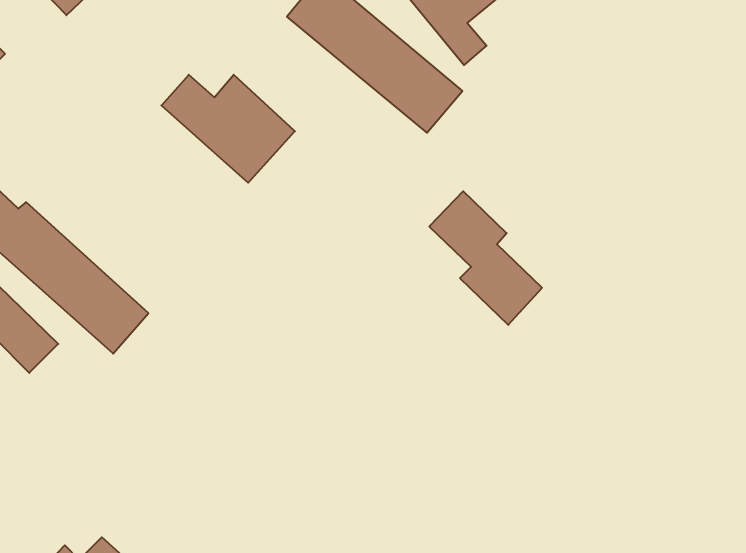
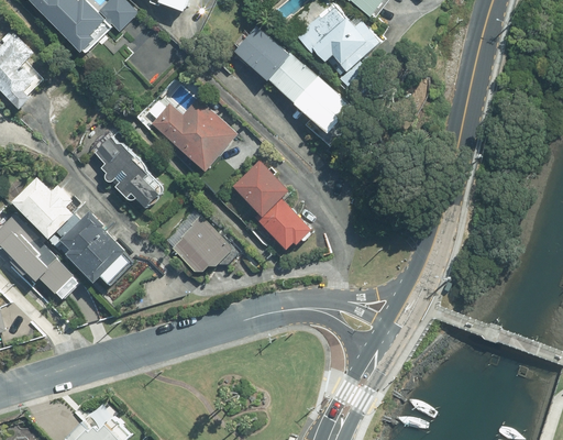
building: none -> [91,135,166,210]
building: [429,191,542,325] -> [235,160,312,251]
building: none -> [163,211,234,280]

